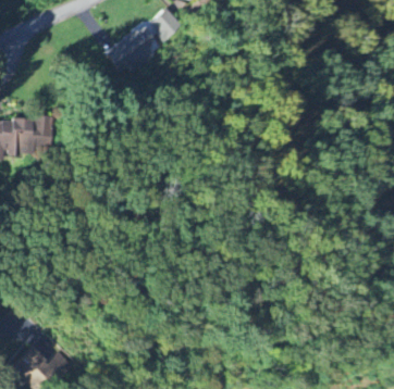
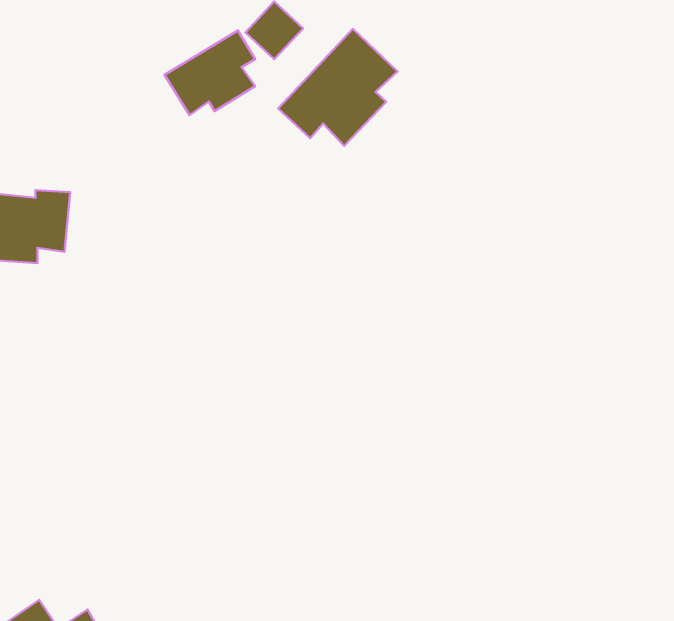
building: none -> [278,29,398,146]

